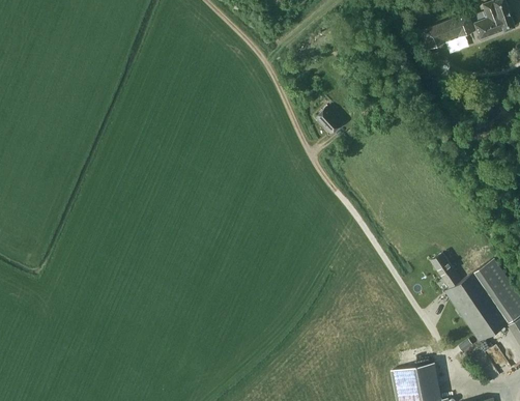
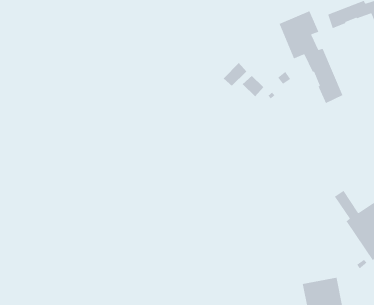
building: none -> [278,10,343,104]
building: none -> [223,62,247,87]

